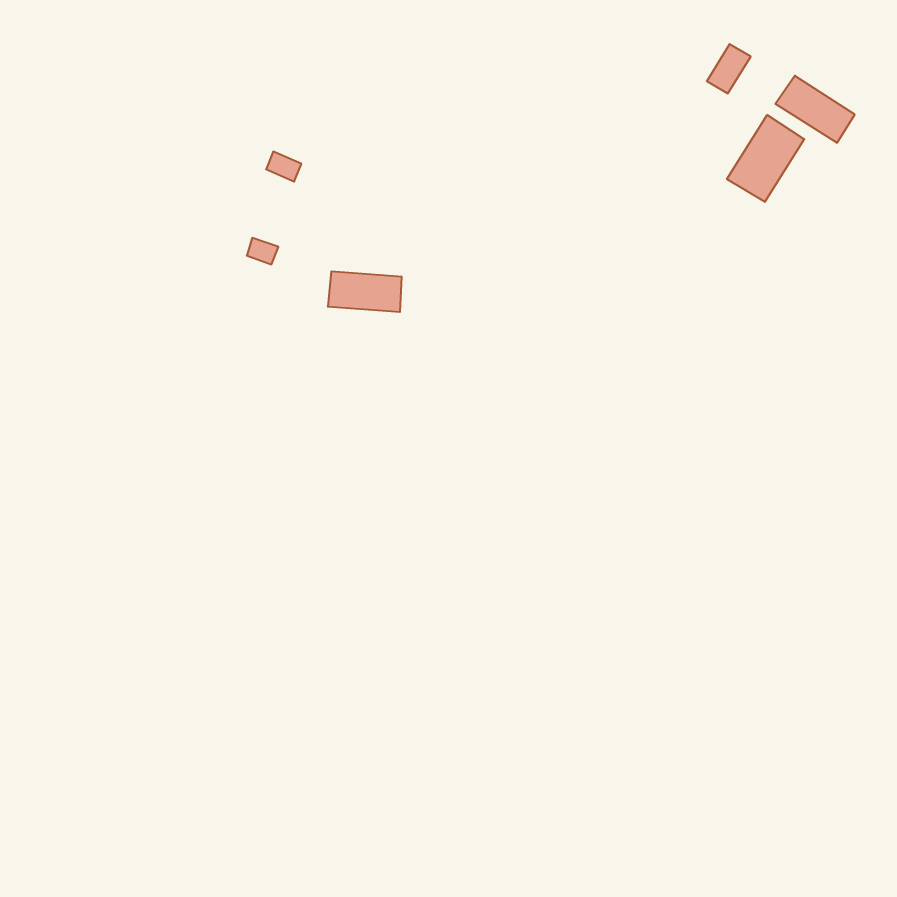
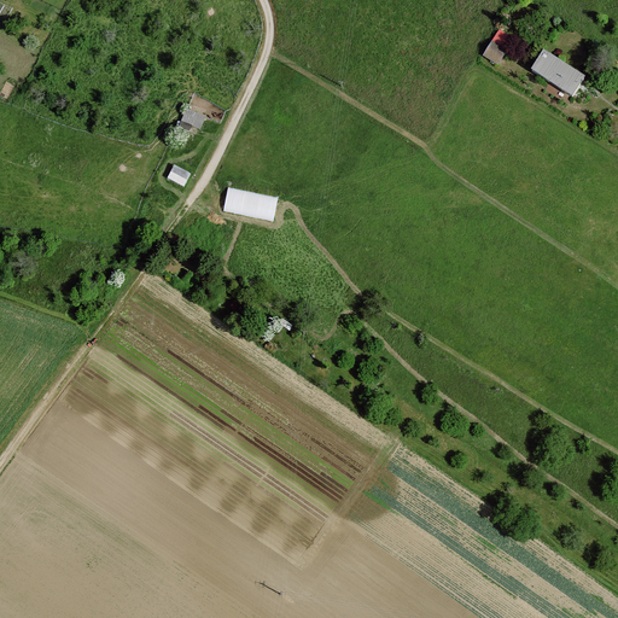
building: [727,115,804,202] -> none

